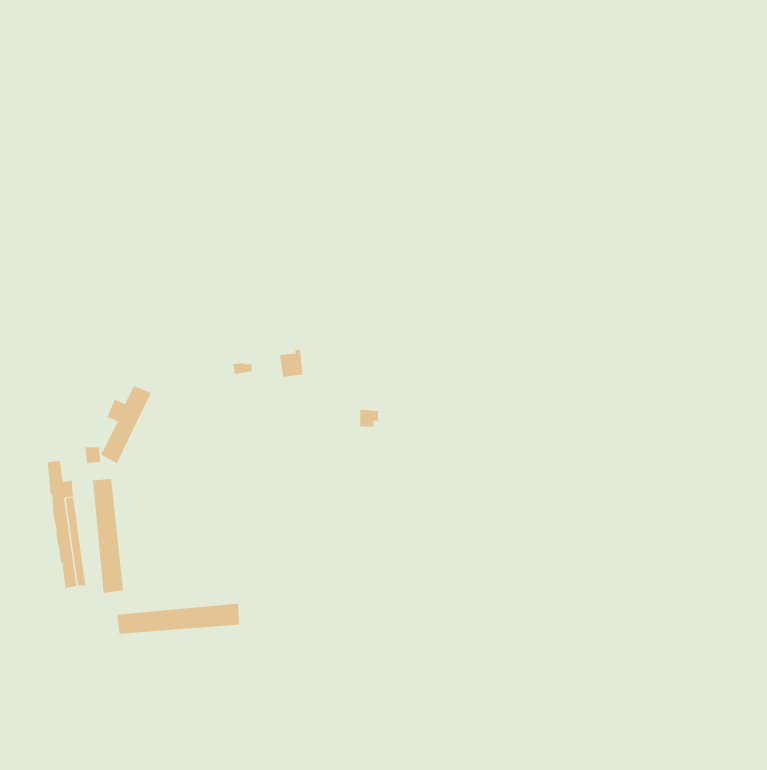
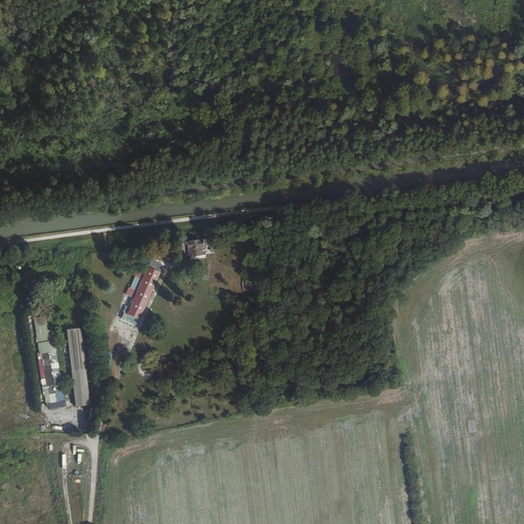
building: [100,385,152,464] -> [130,266,165,319]
building: [117,603,240,635] -> none

